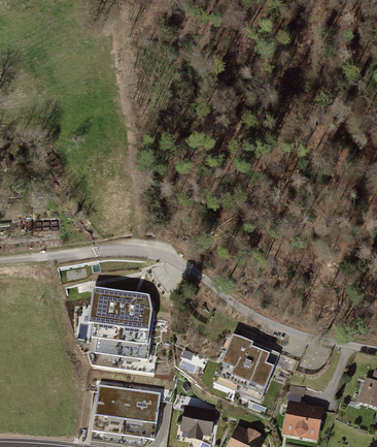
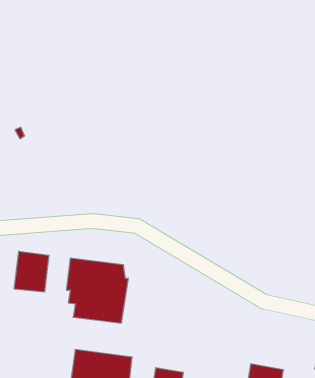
building: none -> [14,251,49,292]
building: [212,333,279,401] -> none

